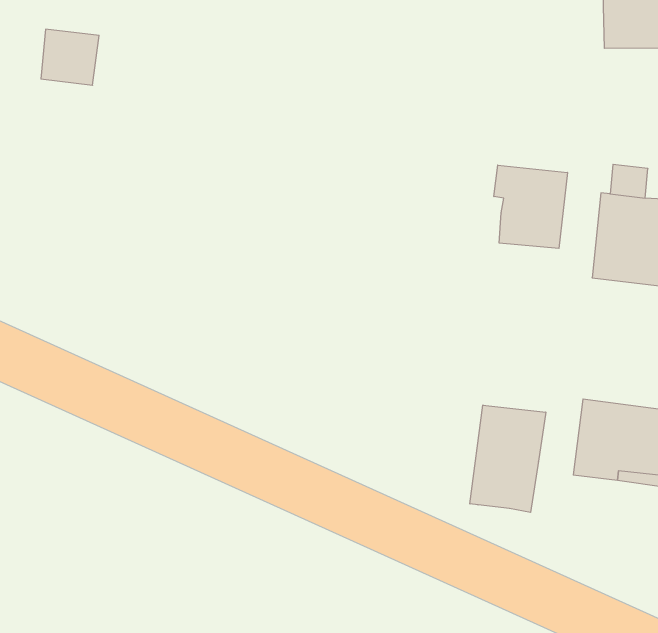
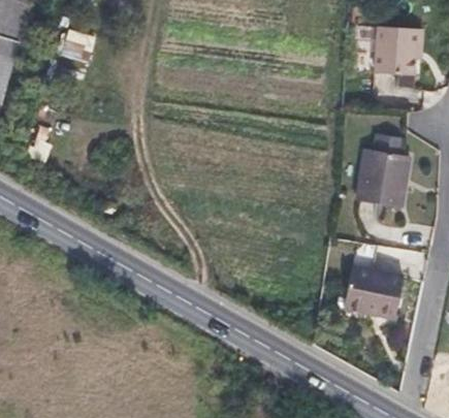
building: [494,165,567,248] -> none
building: [470,405,546,512] -> none

